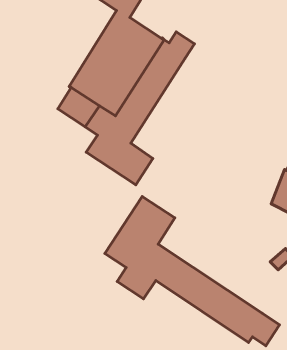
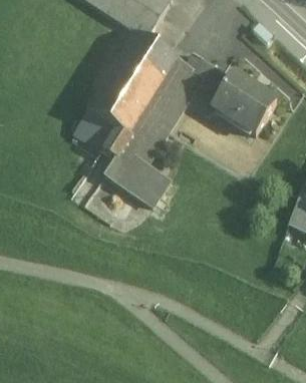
building: none -> [203,65,277,134]
building: [105,196,279,346] -> none

